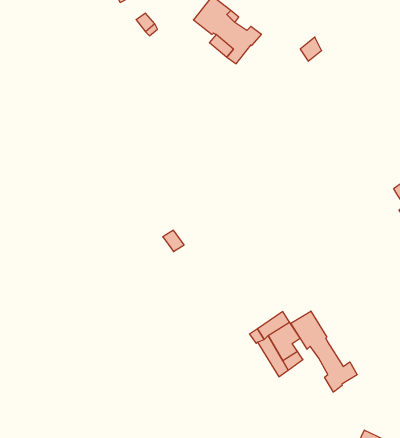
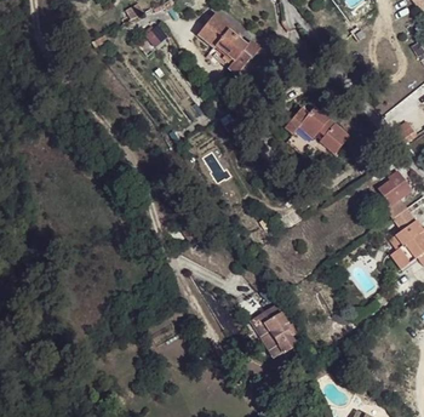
building: none -> [282,107,350,153]
building: [291,311,357,392] -> none

